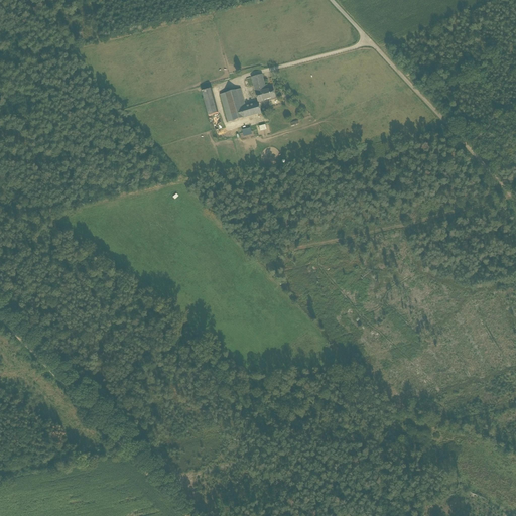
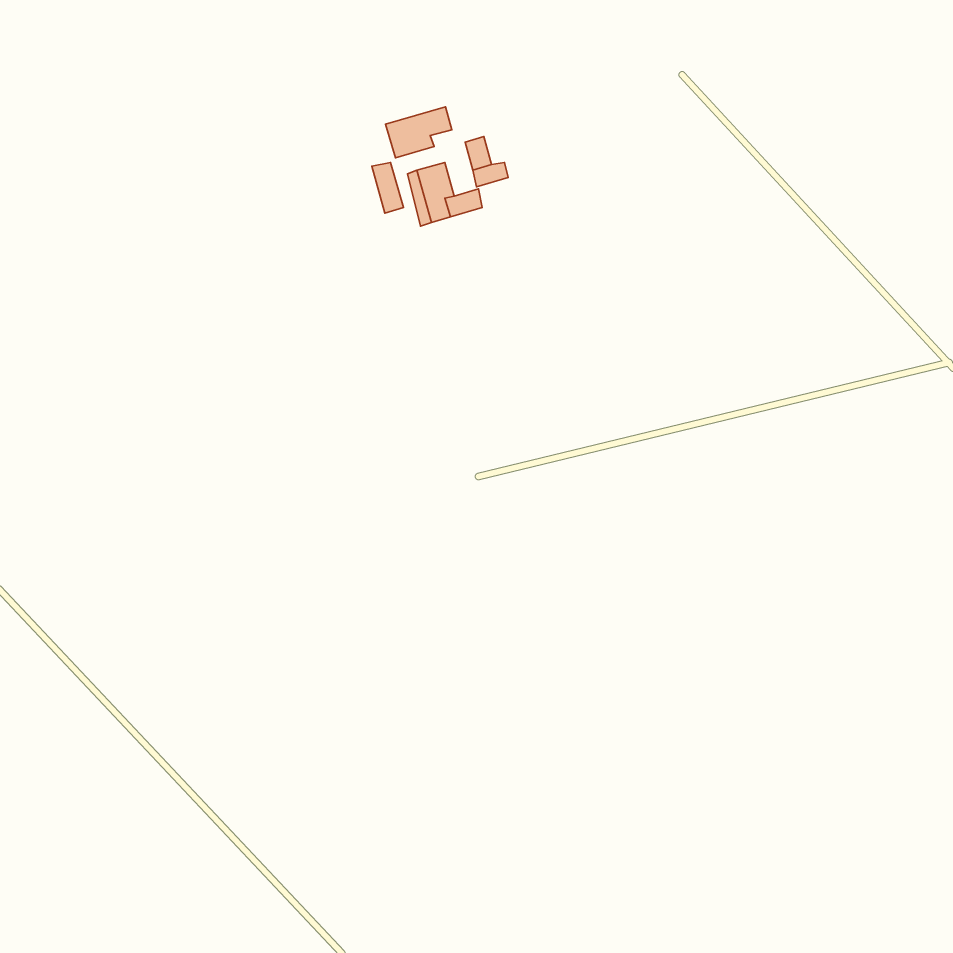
building: none -> [385,107,452,158]

